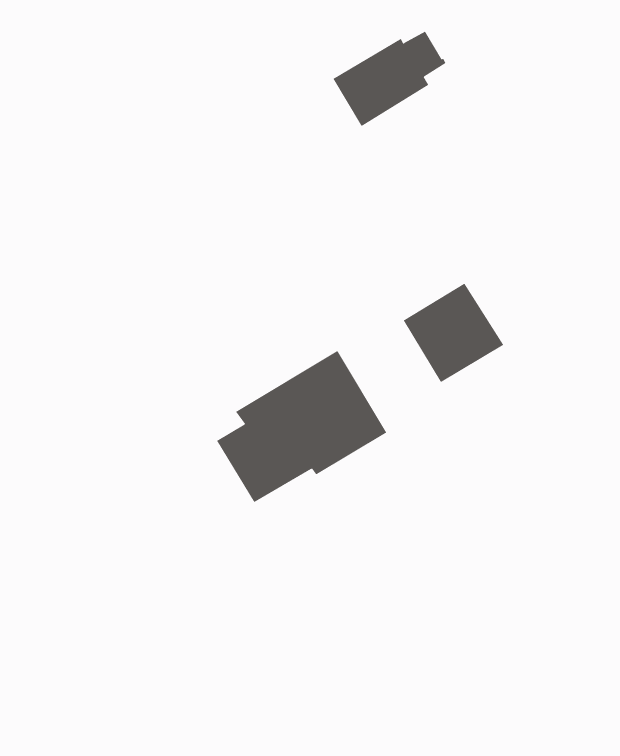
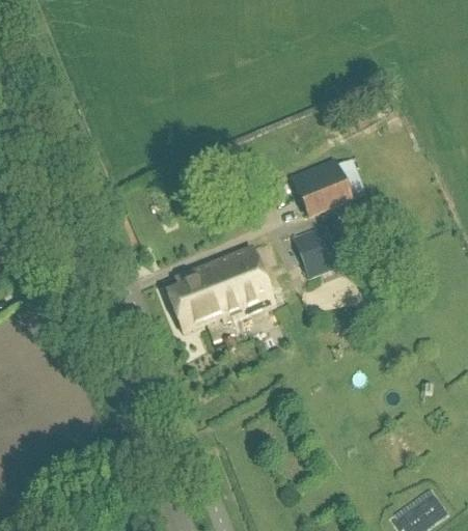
building: [333,31,446,127] -> [293,168,363,220]

